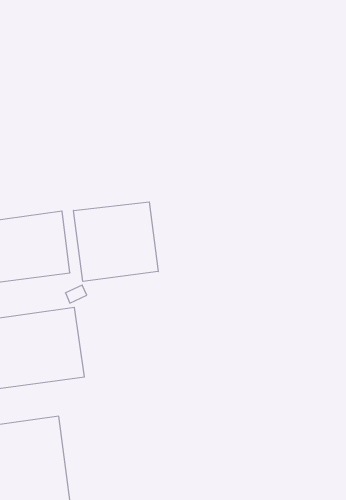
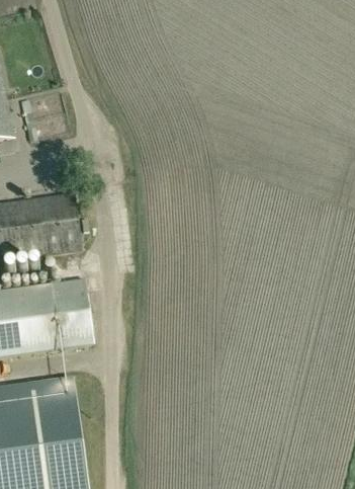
building: [74,202,158,281] -> none

